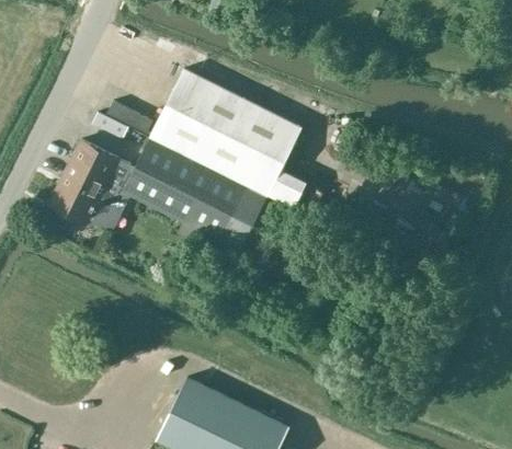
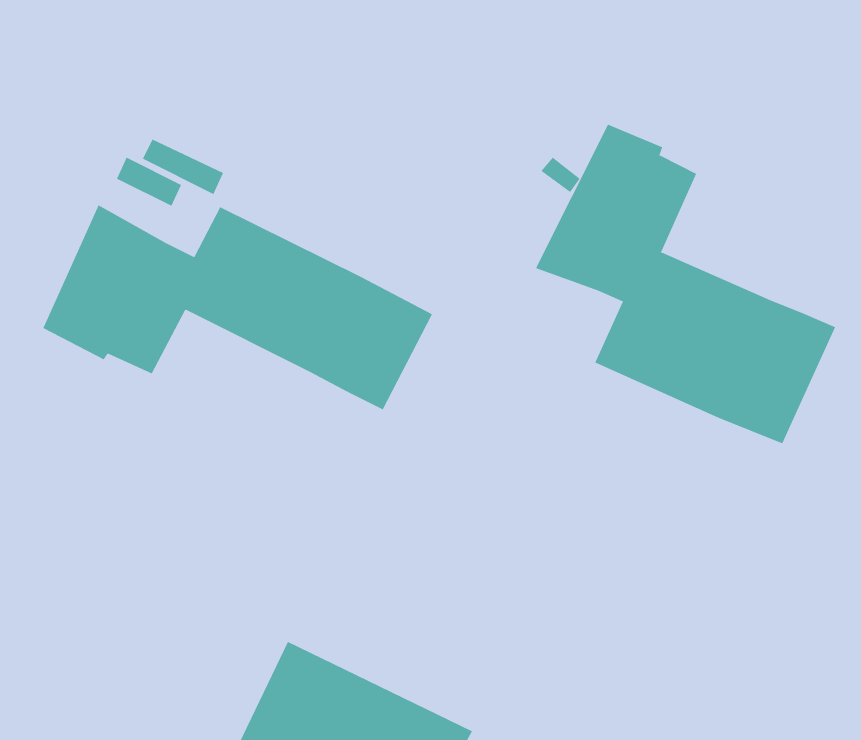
building: [148,69,306,207] -> none
building: none -> [535,124,836,444]

